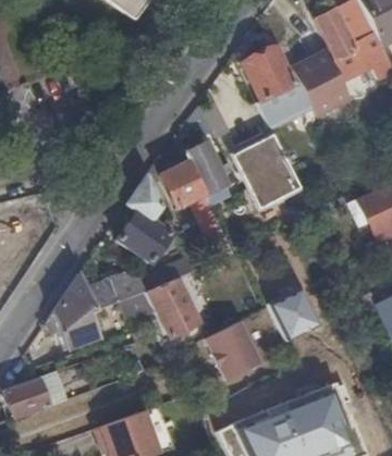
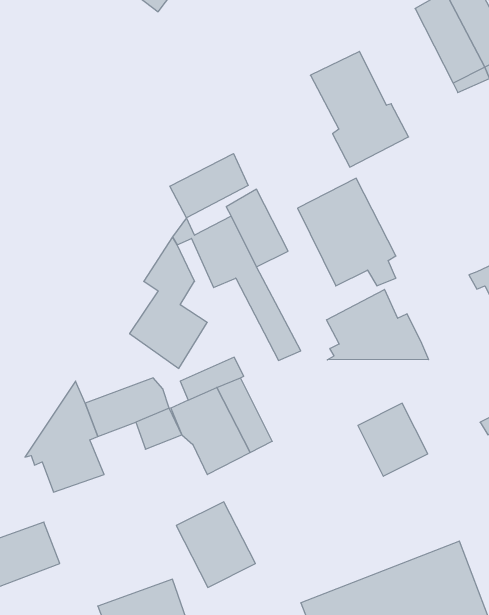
building: [289,51,348,116] -> none
building: none -> [170,154,248,218]
building: none -> [327,289,428,360]
building: [205,322,259,381] -> [176,502,255,587]

